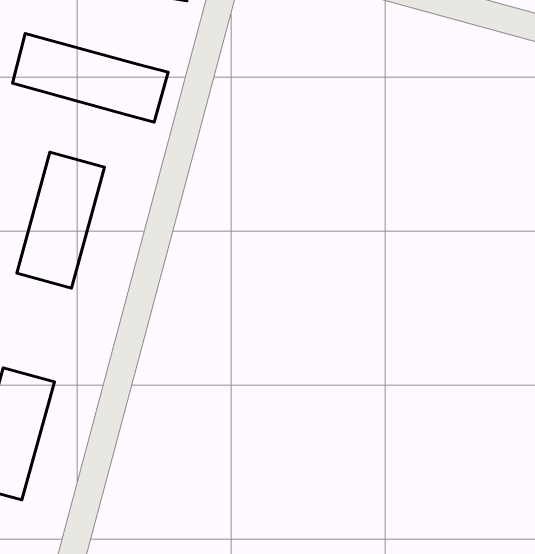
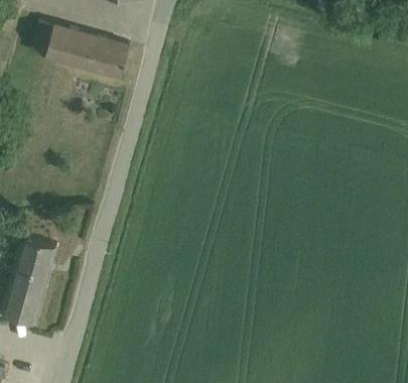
building: [17,152,104,288] -> none

